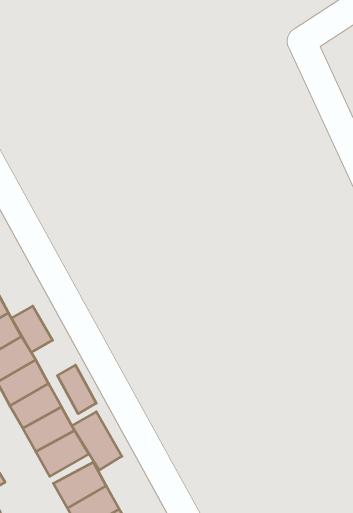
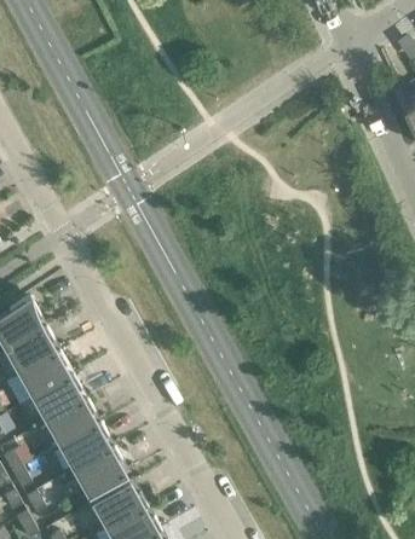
building: [12,306,53,352] -> none
building: [57,365,96,414] -> none
building: [72,412,122,470] -> none

